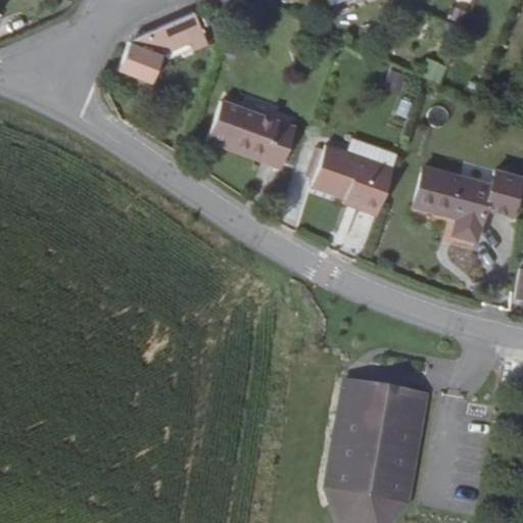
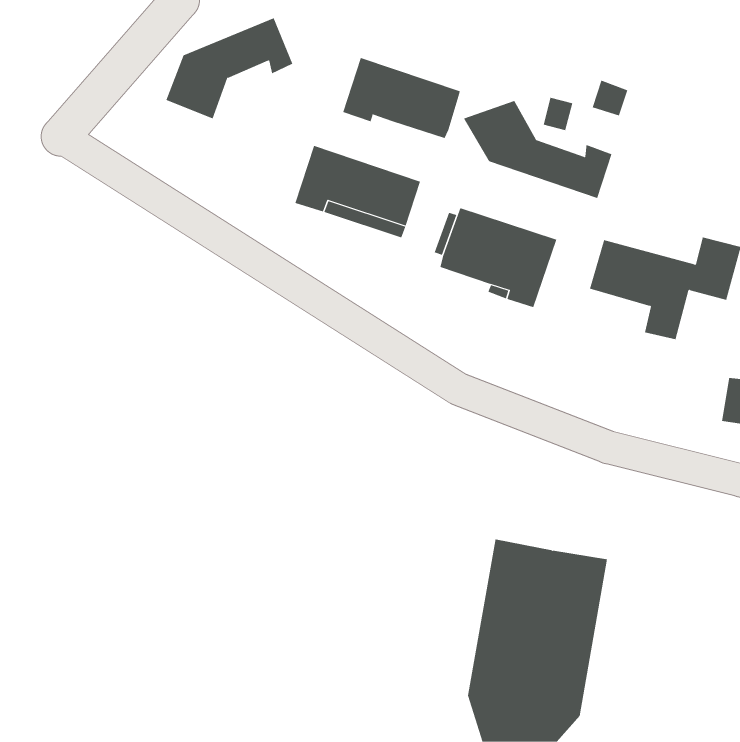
building: none -> [343,57,461,139]
building: none -> [463,100,612,199]

